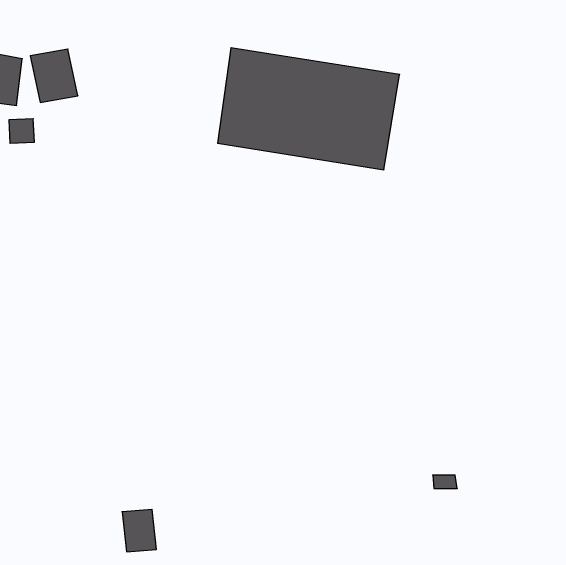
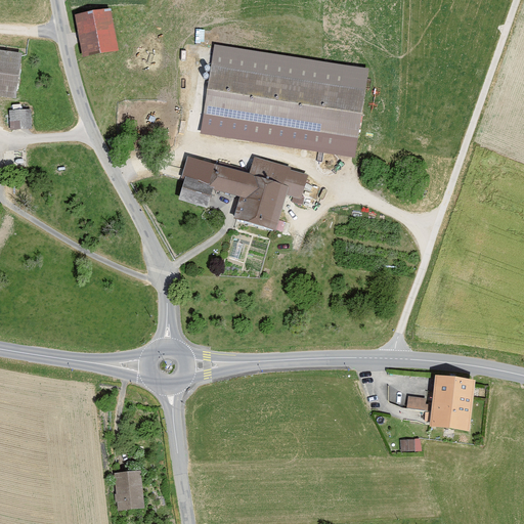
building: [30,49,78,102] -> [75,7,119,56]
building: none -> [178,156,308,230]
building: none -> [406,375,475,431]

